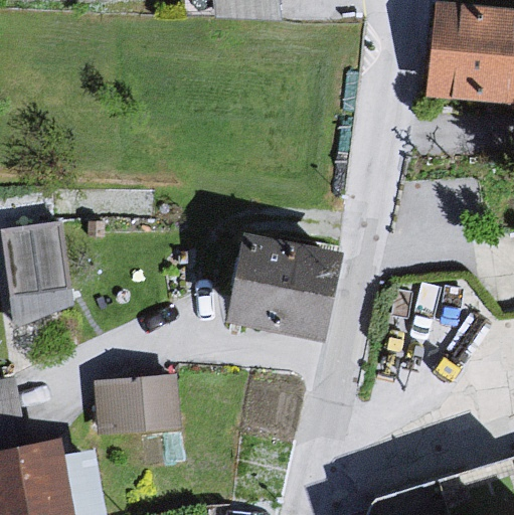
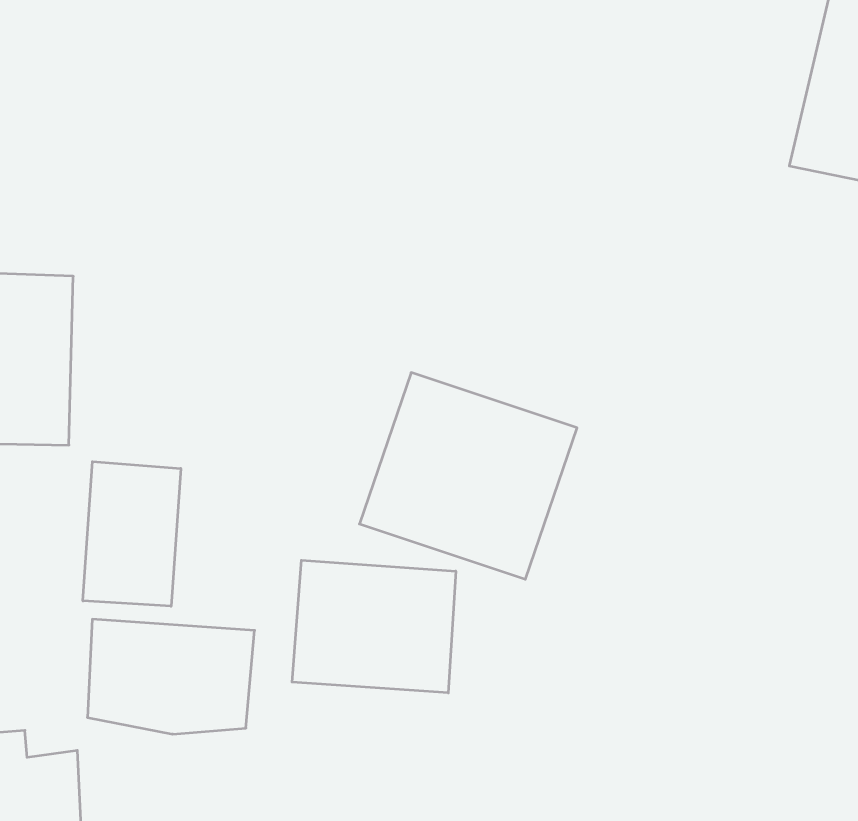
building: none -> [83,462,181,606]
building: none -> [292,560,456,693]

